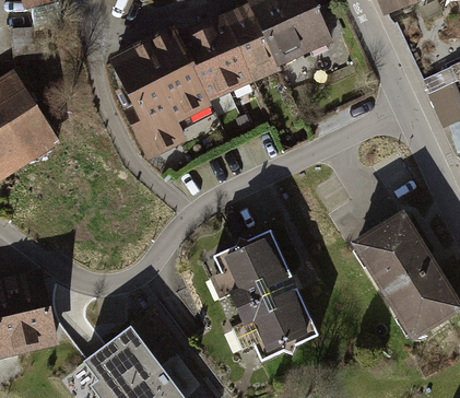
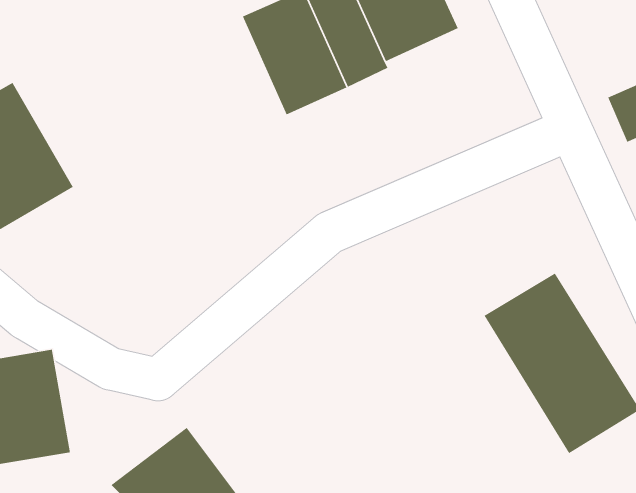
building: [109,30,210,156] -> none
building: [219,234,321,363] -> none

